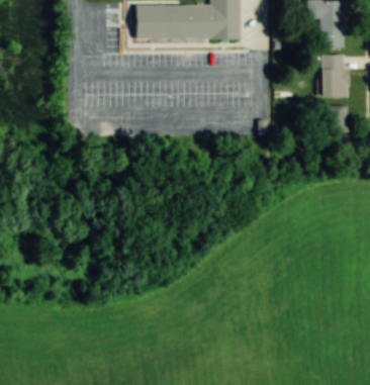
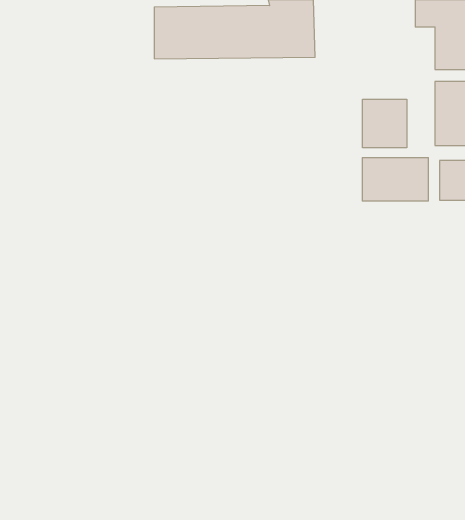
building: none -> [363,99,407,148]
building: none -> [362,158,428,201]

